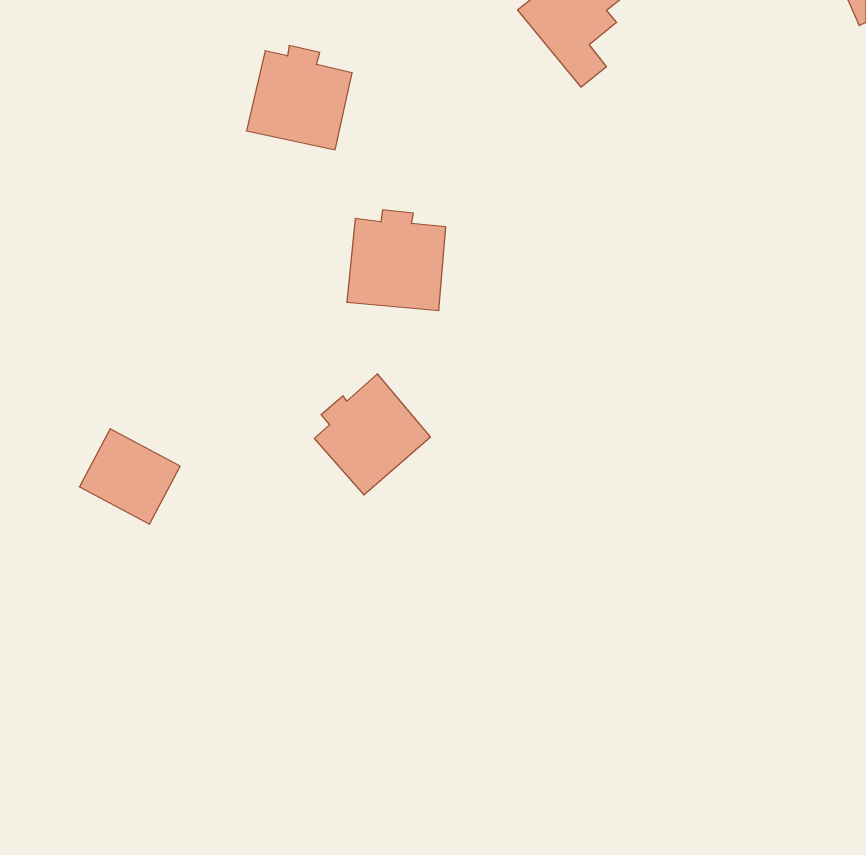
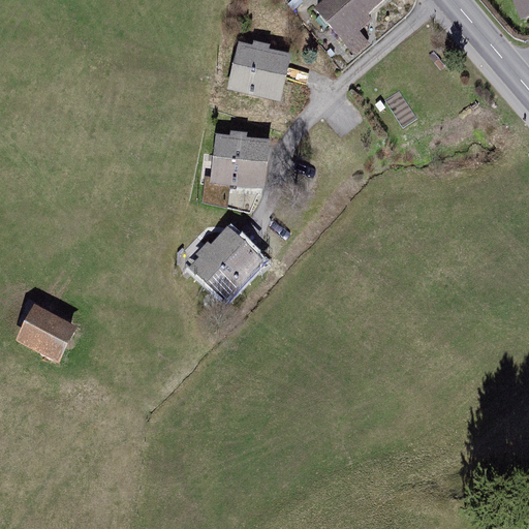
building: [246,46,352,150] -> [227,38,291,101]
building: [79,429,180,524] -> [17,303,77,361]

